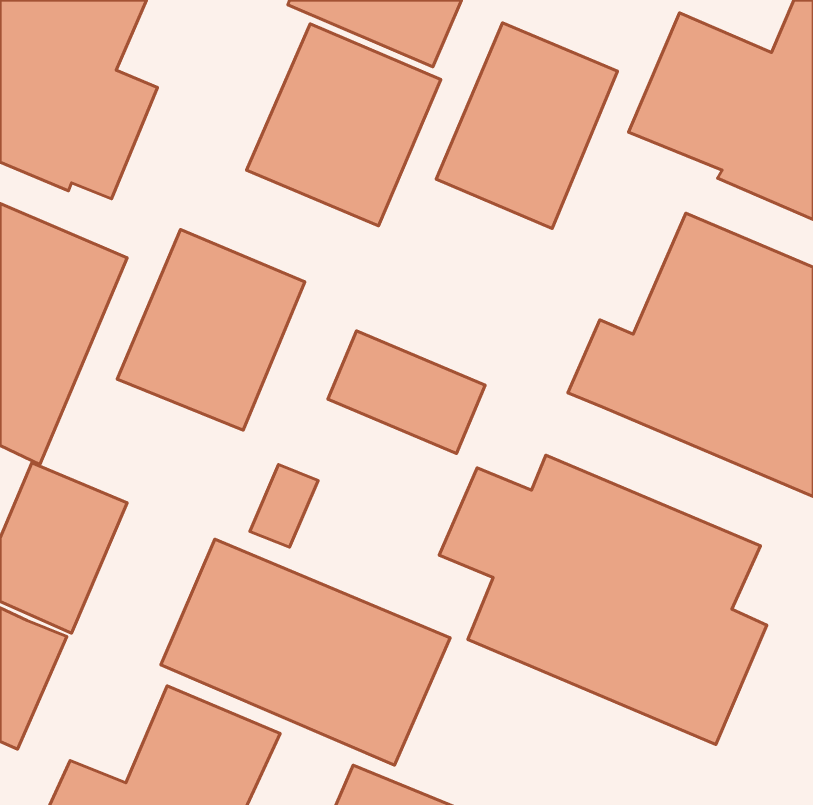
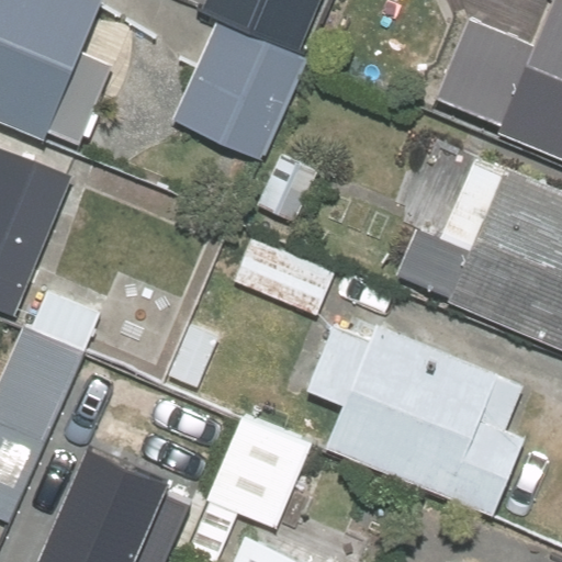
building: [436,23,618,229] -> none
building: [117,229,305,430] -> none

